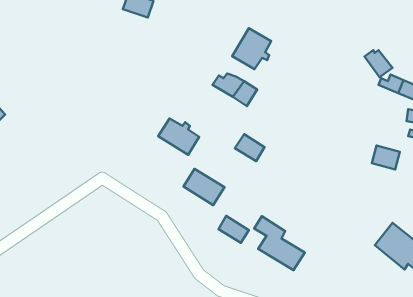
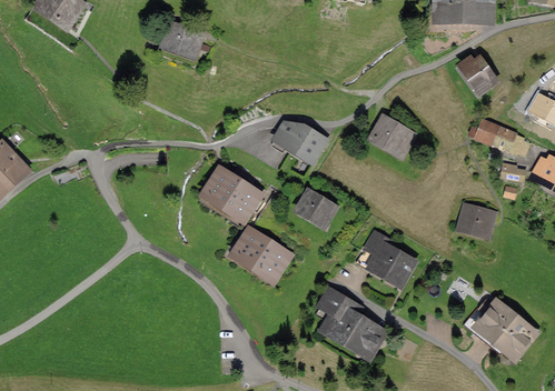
building: [232,28,271,69] -> none
building: [365,50,393,77] -> [462,59,495,91]
building: none -> [374,118,414,154]
building: none -> [357,232,412,283]
building: [219,216,249,243] -> none

